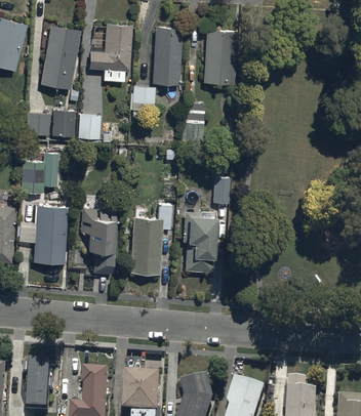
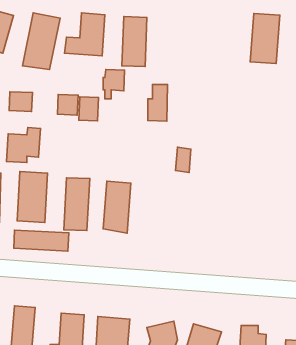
building: [203,27,237,84] -> [250,13,280,64]
building: [53,111,76,138] -> [79,97,99,121]
building: [186,211,216,272] -> none
building: none -> [14,230,69,251]

